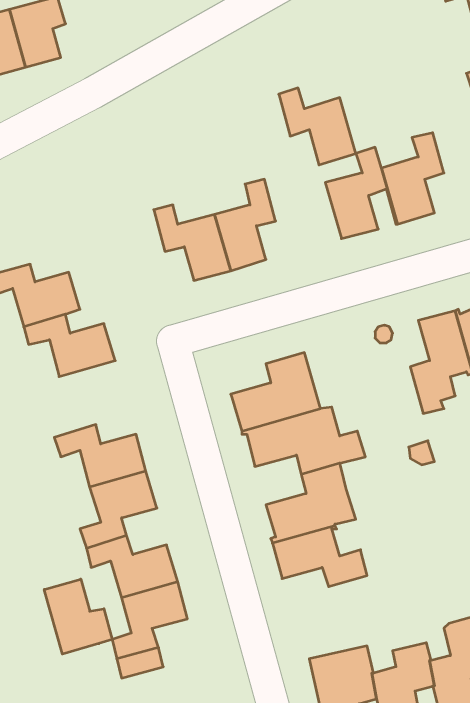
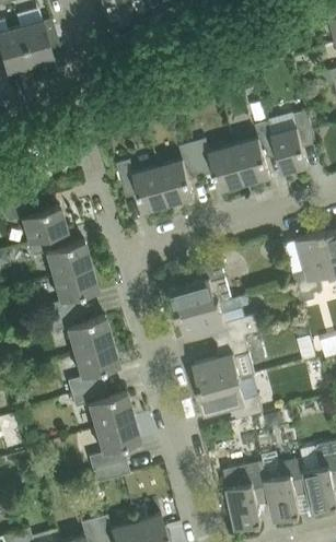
building: [279,88,356,165] -> [193,139,245,191]
building: none -> [46,267,97,319]
building: [44,579,112,654] -> none

